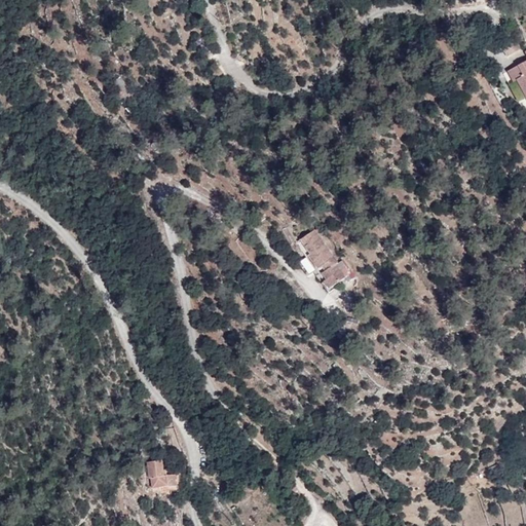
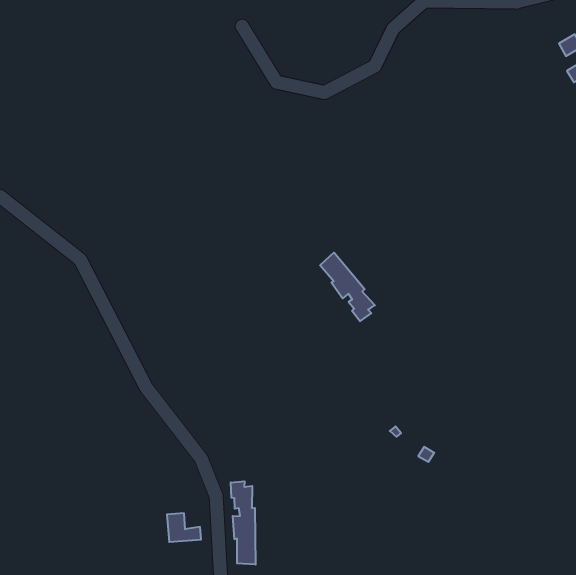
building: none -> [231,481,256,565]

